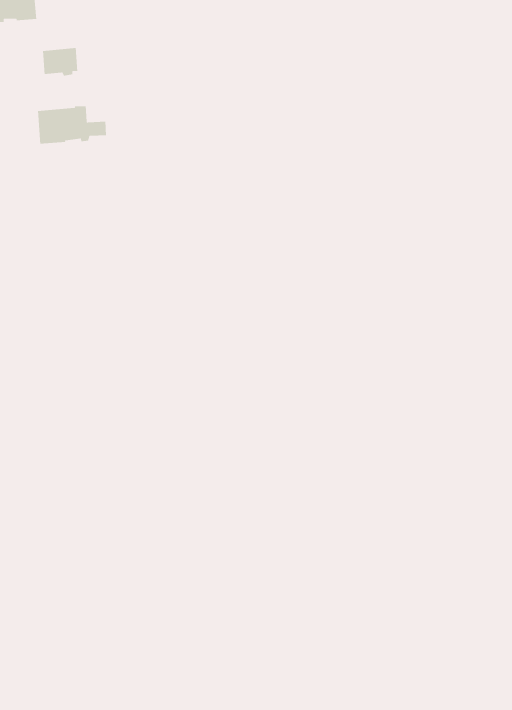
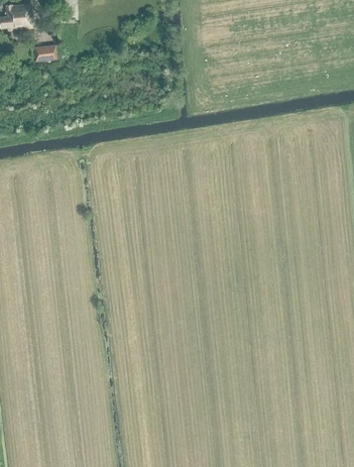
building: [37,106,107,145] -> none

